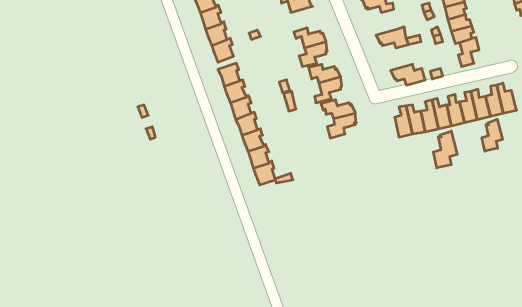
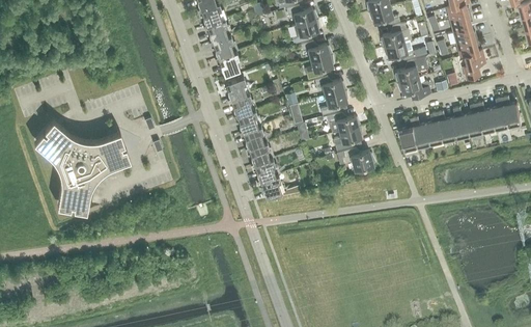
building: none -> [291,18,319,43]
building: none -> [381,22,412,47]
building: none -> [395,56,428,82]
building: none -> [33,117,130,210]
building: [482,119,503,151] -> none
building: [433,131,457,168] -> none
building: none -> [337,146,375,171]

